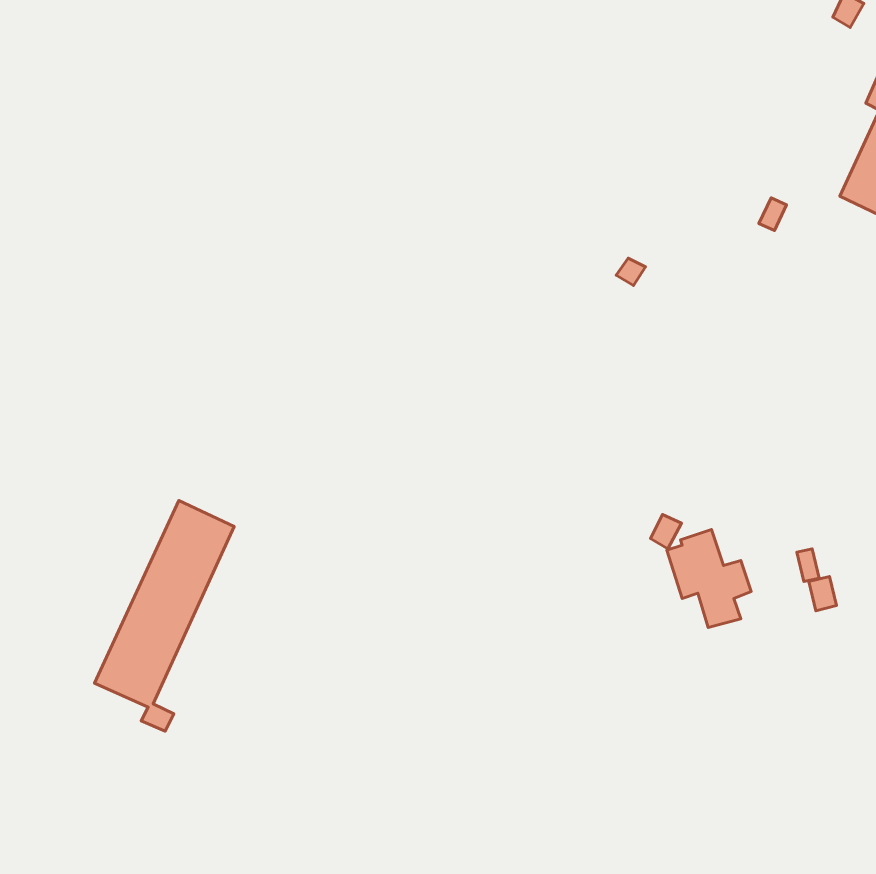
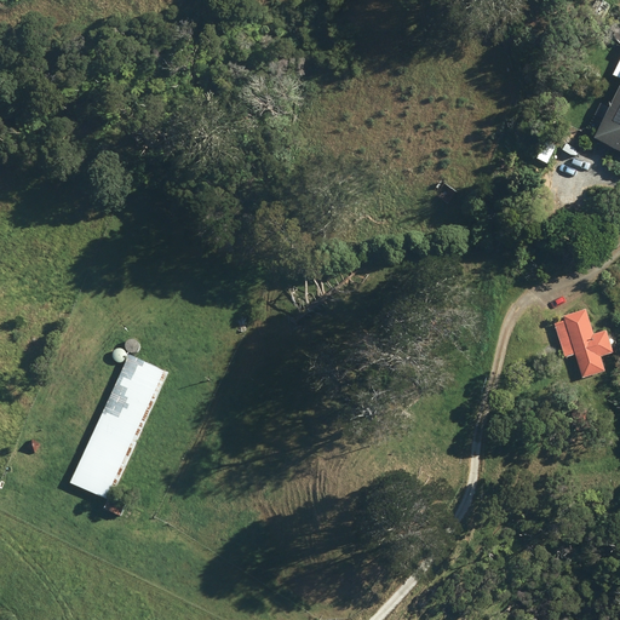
building: [667,530,751,628] -> [553,308,613,377]

